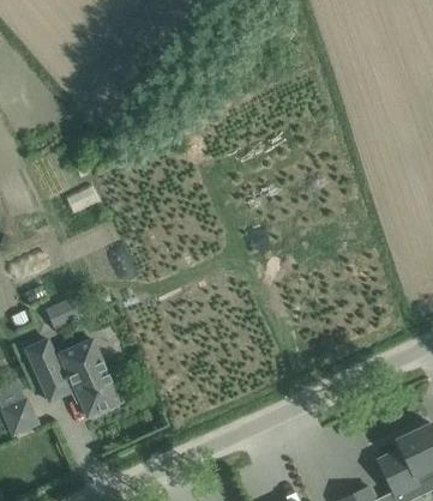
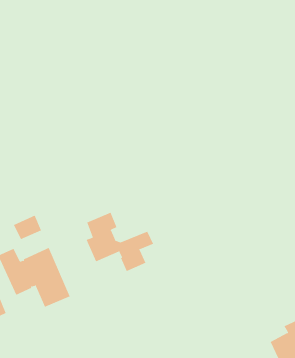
building: none -> [86,212,154,272]

